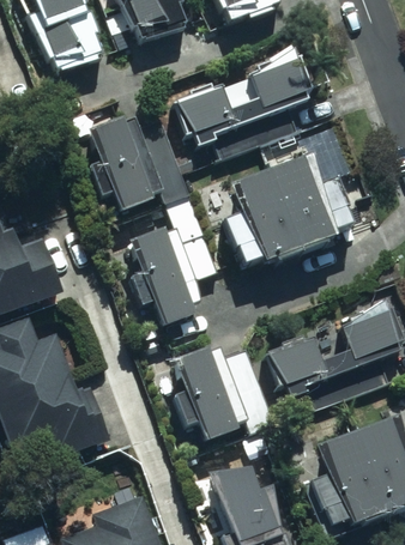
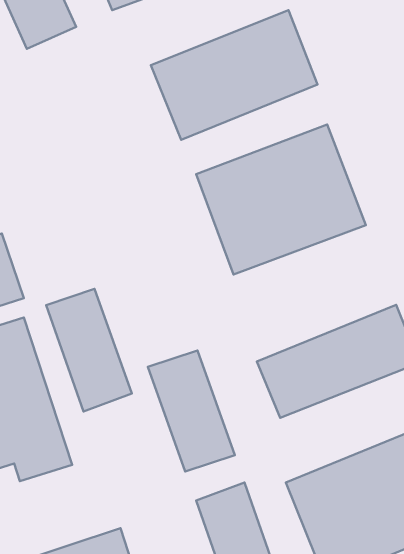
building: [90,114,161,206] -> none
building: [129,223,204,329] -> [46,289,132,411]

